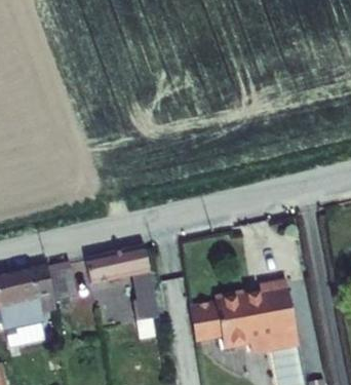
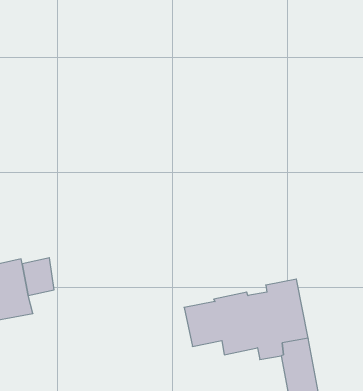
building: [84,248,156,333] -> none

